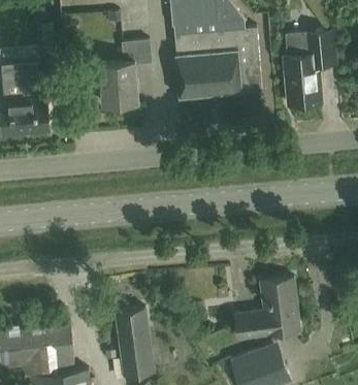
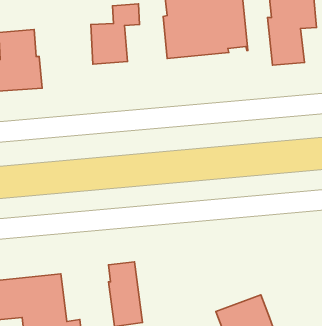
building: [236,279,298,339] -> none

